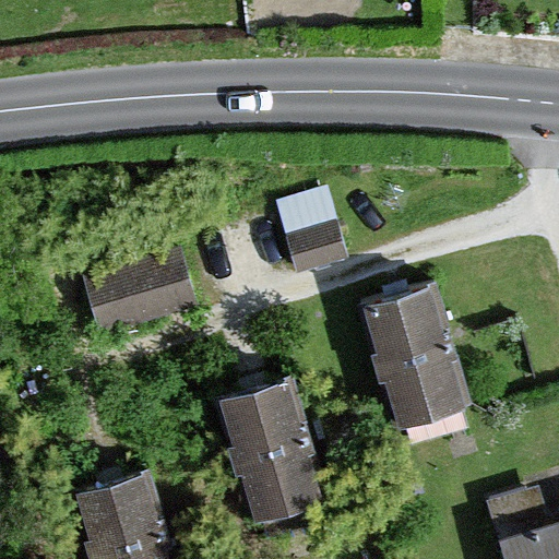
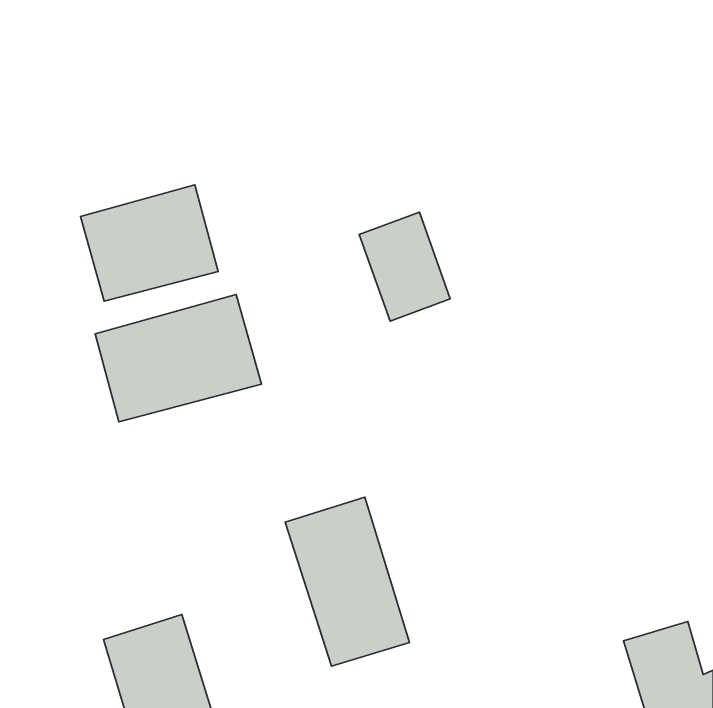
building: none -> [80,185,218,301]
building: [367,293,464,425] -> none

